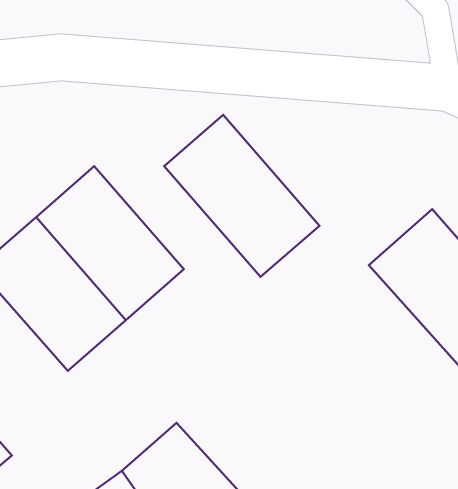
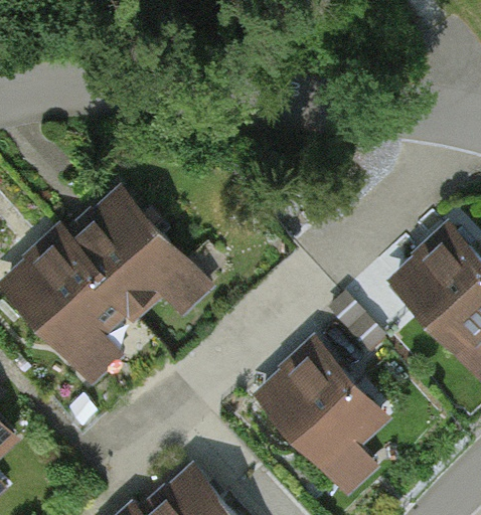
building: [164,115,320,277] -> none
building: none -> [256,343,407,496]

